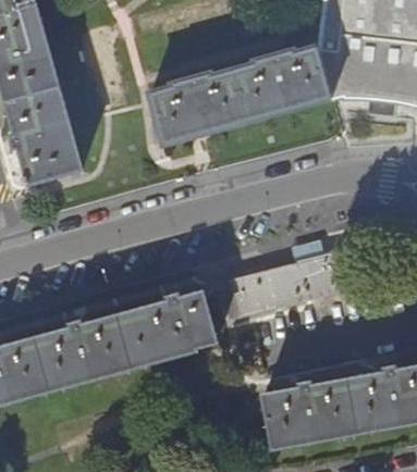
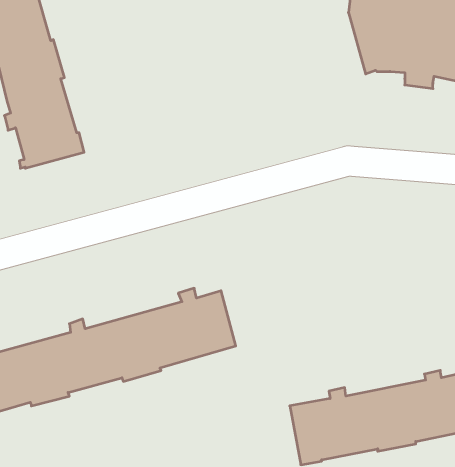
building: [150,46,331,145] -> none
building: [228,247,361,316] -> none

